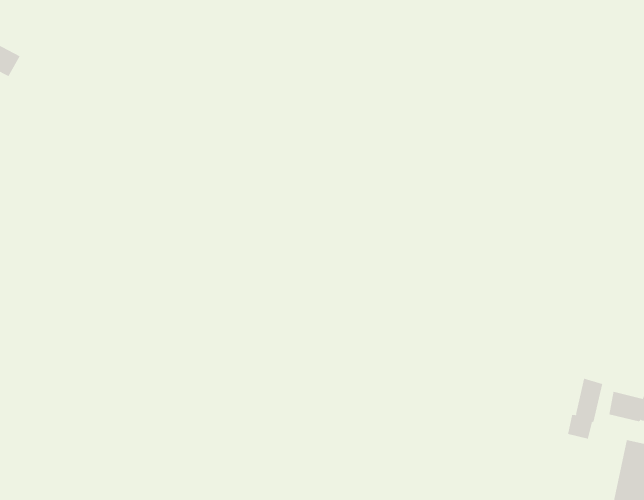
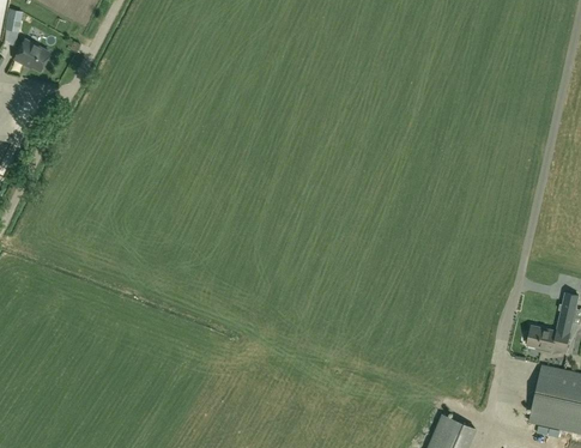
building: [567,378,603,440] -> none

